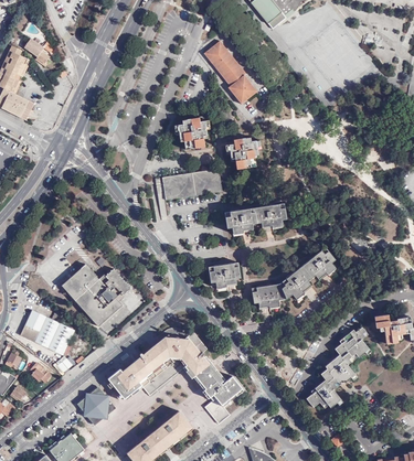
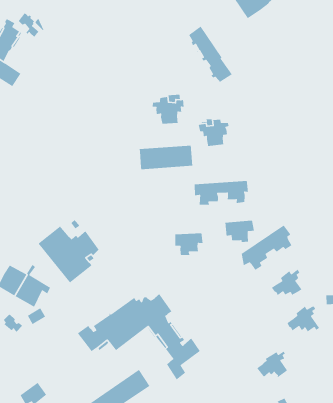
building: [251,281,284,308] -> [225,219,255,243]
building: [320,356,354,387] -> [271,269,303,296]
building: [79,385,118,425] -> none

